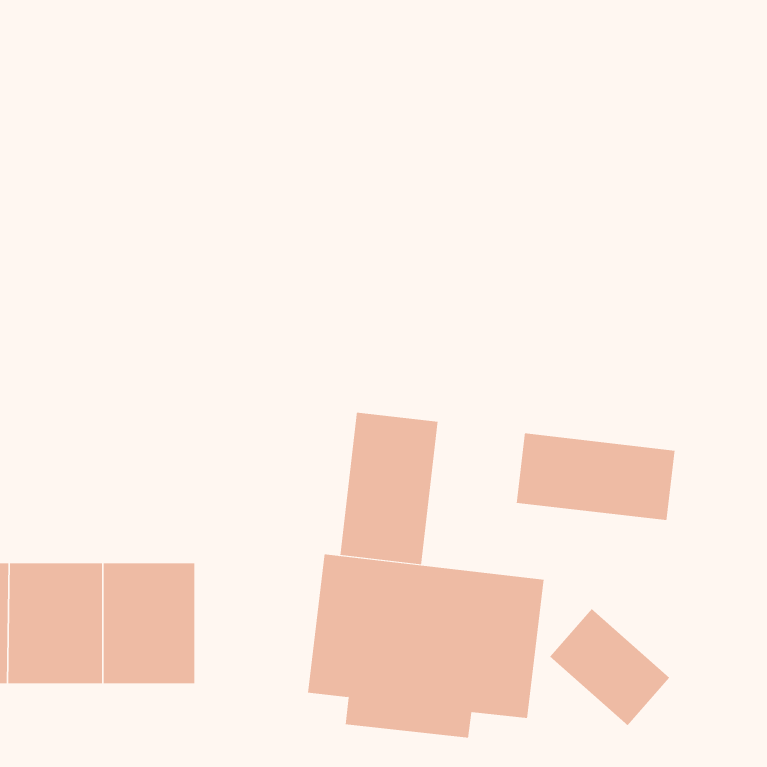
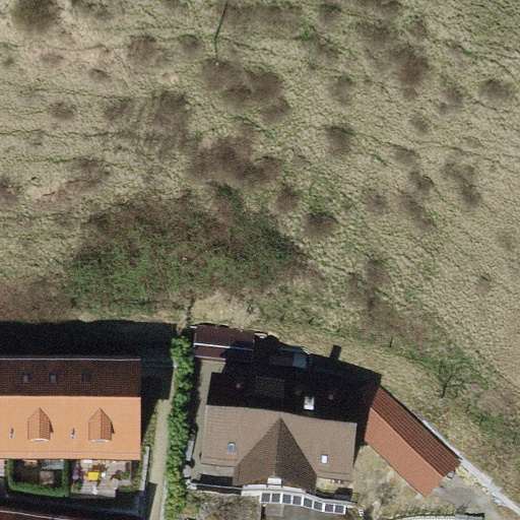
building: [340,412,438,565] -> none
building: [516,433,675,521] -> none

